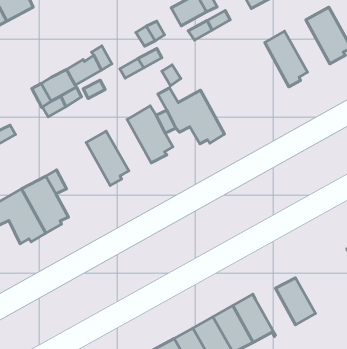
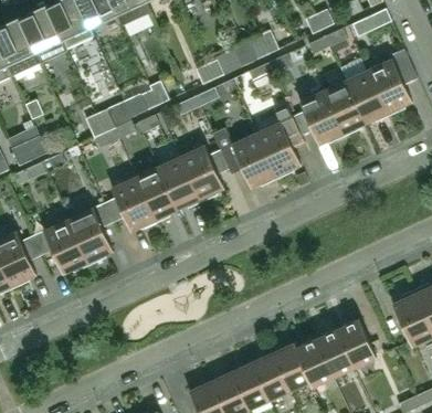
building: none -> [346,70,389,123]
building: none -> [299,89,346,145]
building: none -> [256,106,305,179]
building: none -> [158,157,201,209]
building: none -> [112,177,158,231]
building: none -> [338,319,377,367]
building: none -> [296,338,335,385]

